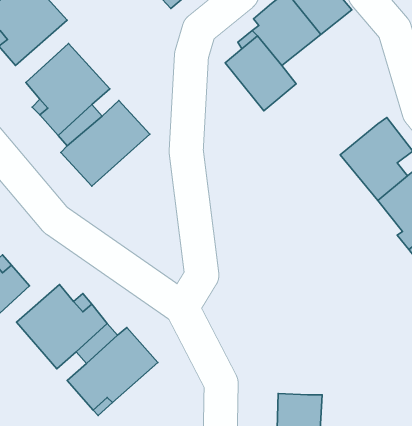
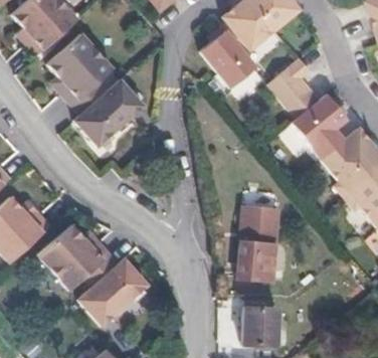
building: none -> [268,59,320,119]
building: none -> [237,206,276,283]

